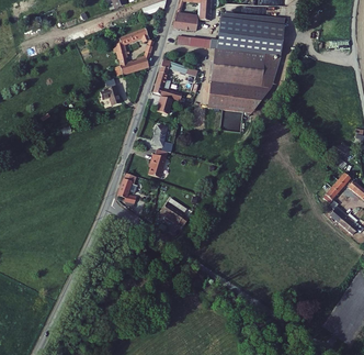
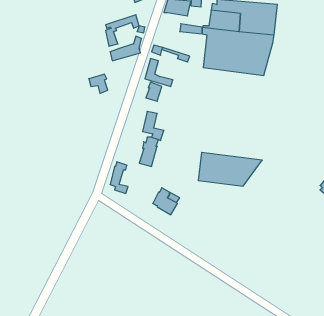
building: [206,81,269,114] -> [198,152,262,186]

